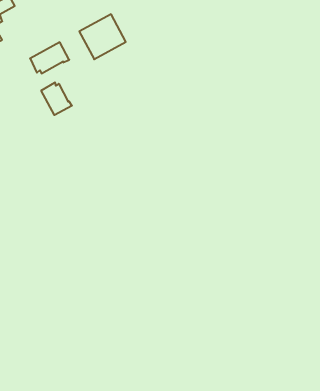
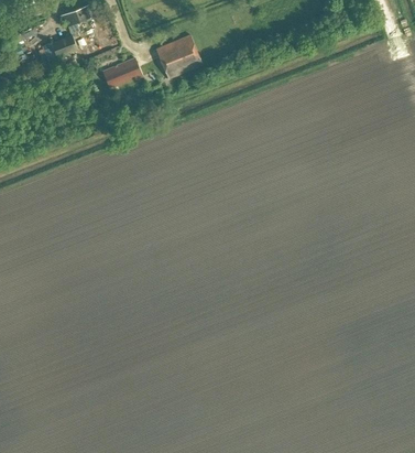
building: [41,82,72,115] -> none

